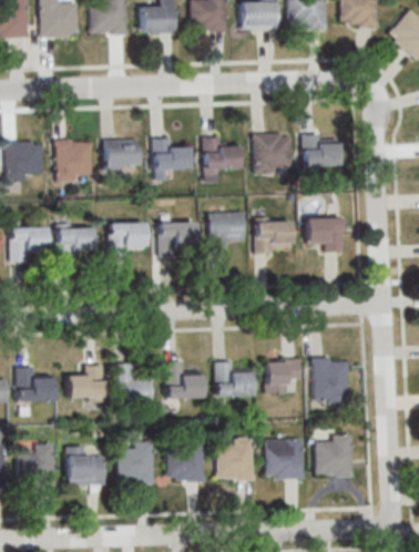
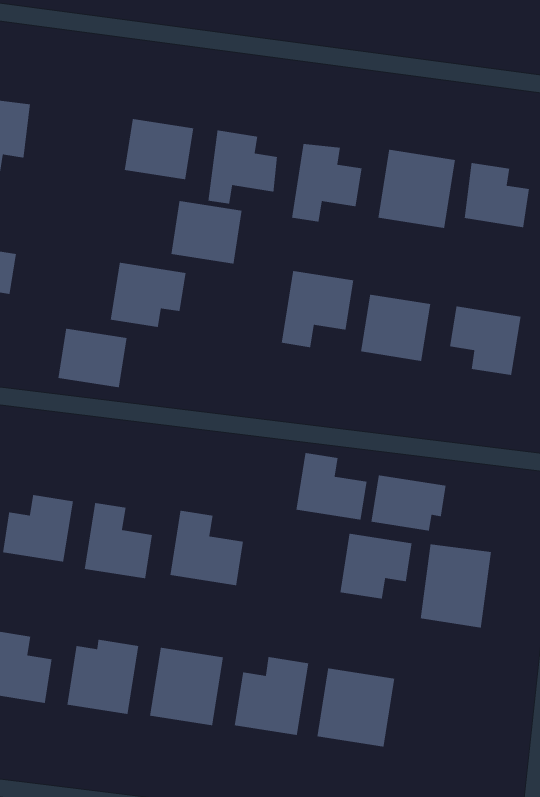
building: [54,139,91,182] -> none
building: [159,222,196,254] -> [170,200,243,265]
building: [57,228,93,258] -> [58,328,127,388]
building: none -> [371,475,446,531]
building: [215,361,254,396] -> [296,452,367,521]
building: [315,437,354,477] -> none

